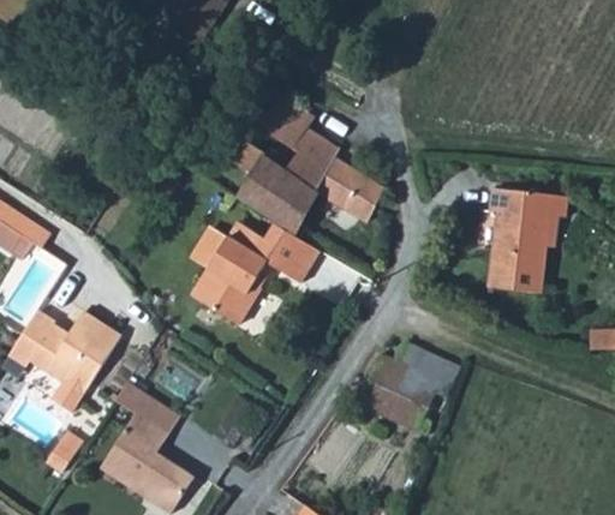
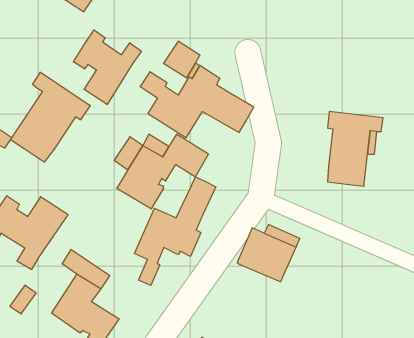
building: none -> [73,30,141,105]
building: none -> [10,72,90,162]
building: none -> [135,177,216,285]

